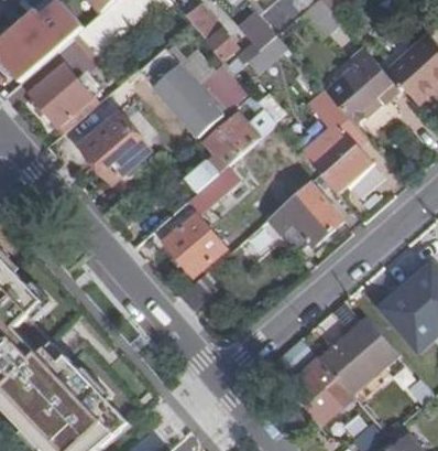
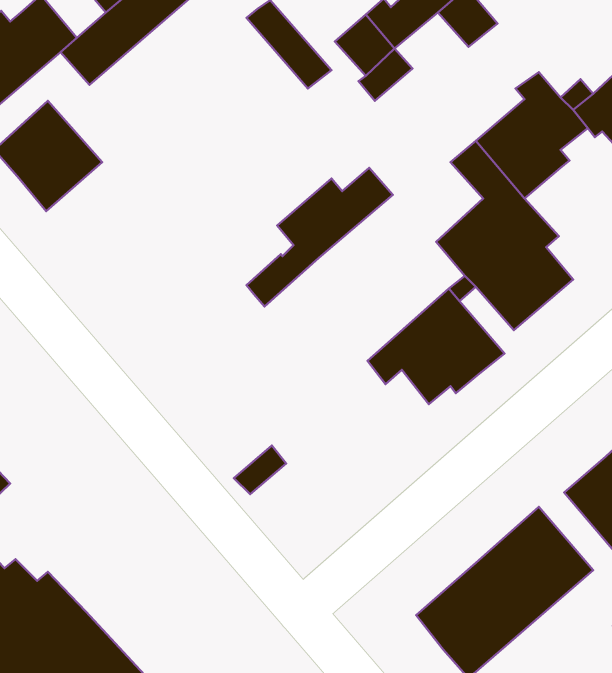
building: [138,47,242,138] -> none
building: [80,115,147,183] -> none
building: [153,162,240,273] -> none

